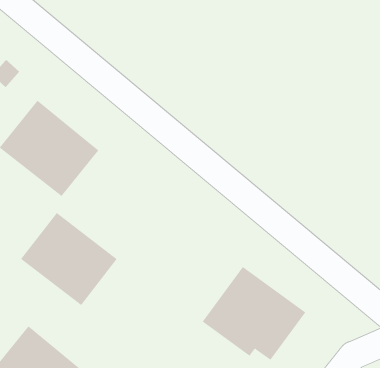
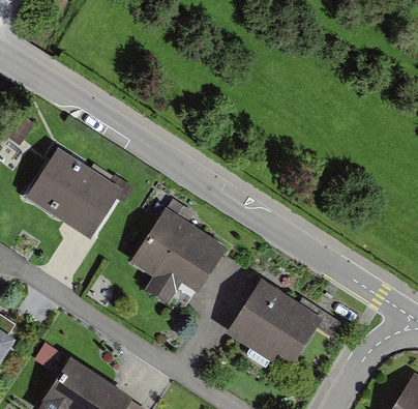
building: [20,212,118,306] -> [135,212,223,295]

